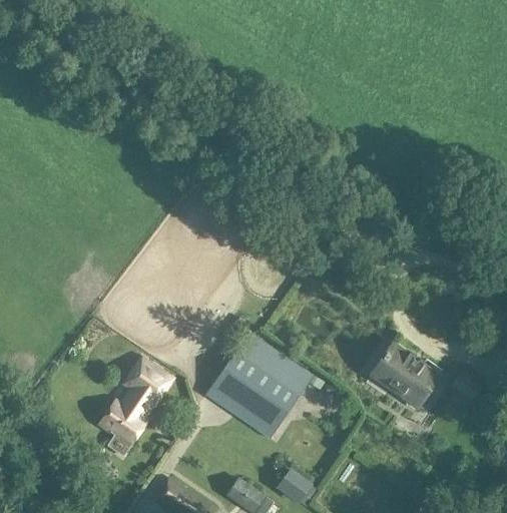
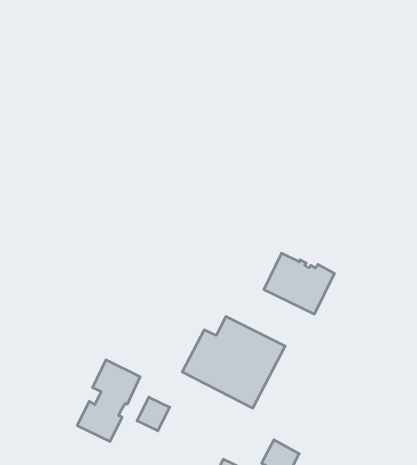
building: [369,344,440,408] -> [264,253,334,314]
building: none -> [137,397,170,431]

